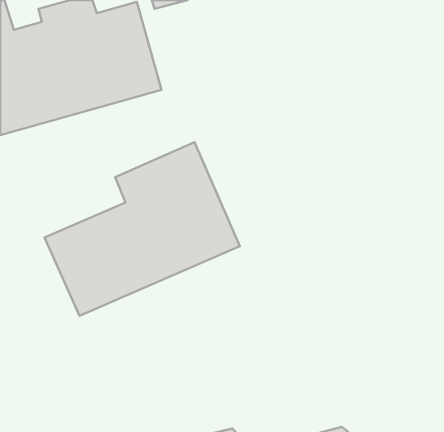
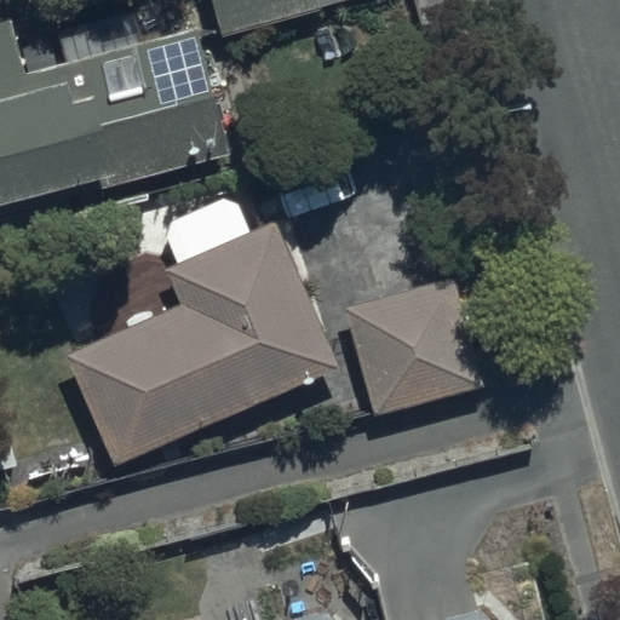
building: none -> [344,276,482,413]

